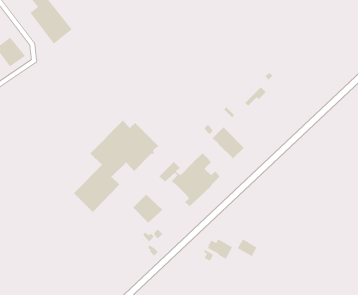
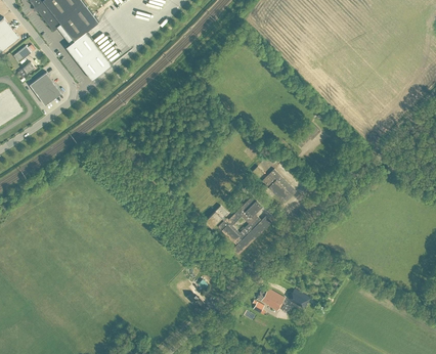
building: [73,120,159,213] -> none
building: [132,194,163,223] -> none

